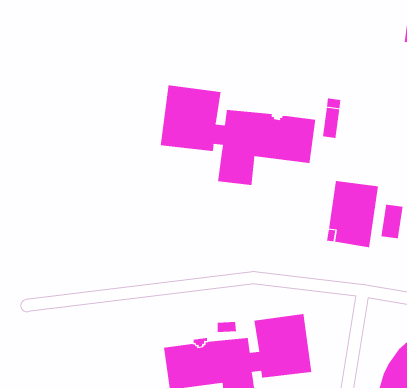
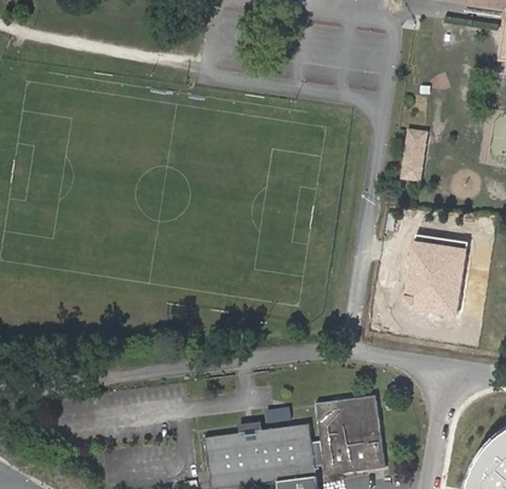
building: [160,84,316,186] -> none
building: [381,204,403,239] -> none

